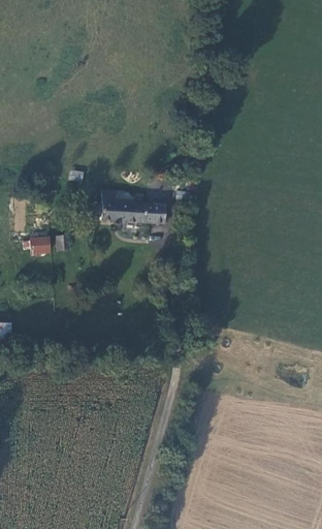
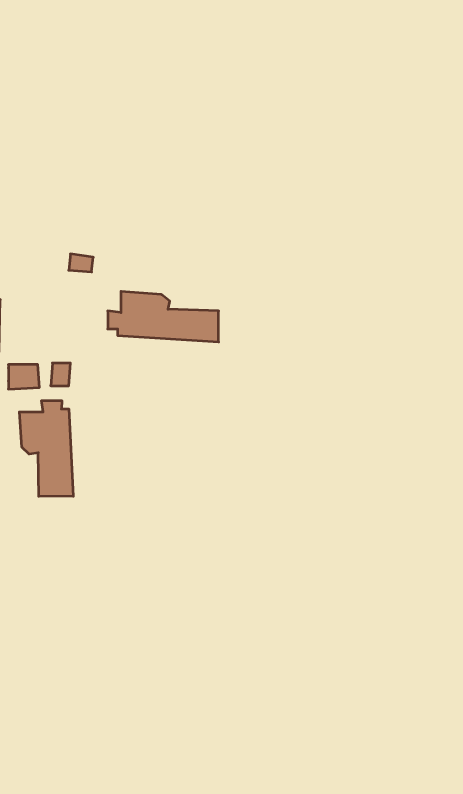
building: none -> [19,401,73,496]

